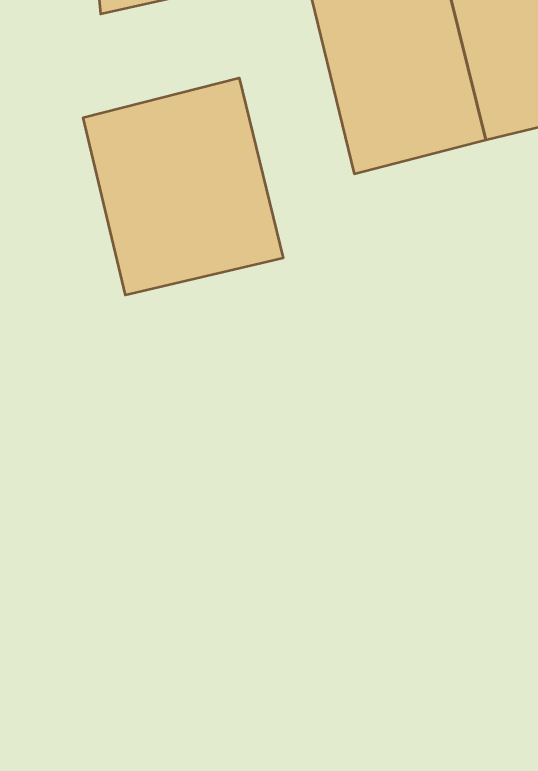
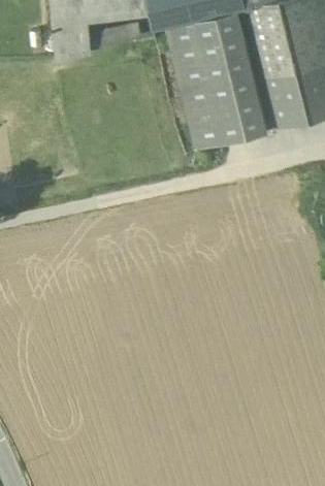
building: [83,78,283,295] -> none

